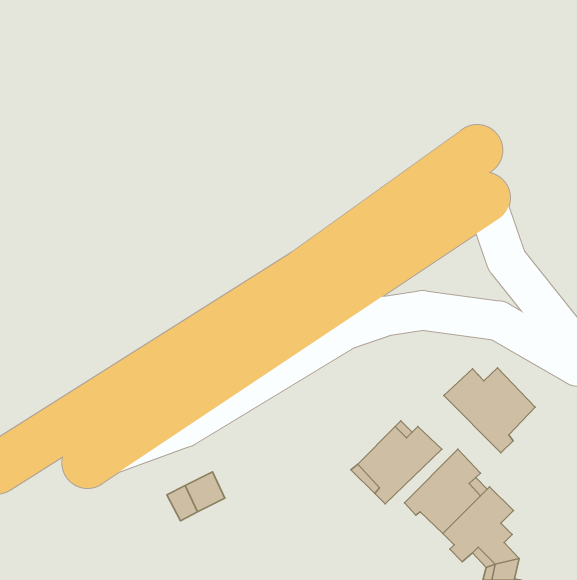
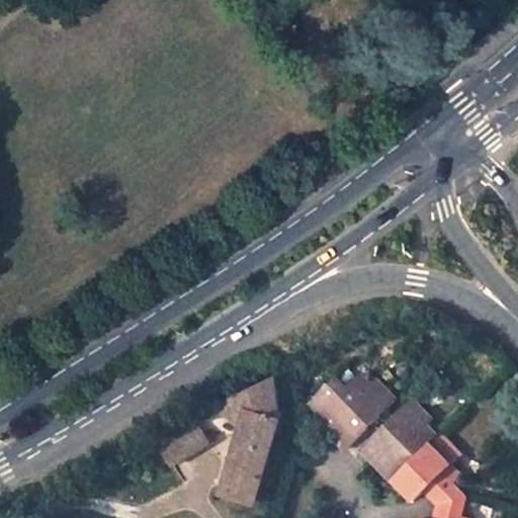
building: [444,368,535,453] -> none
building: none -> [218,377,278,501]

